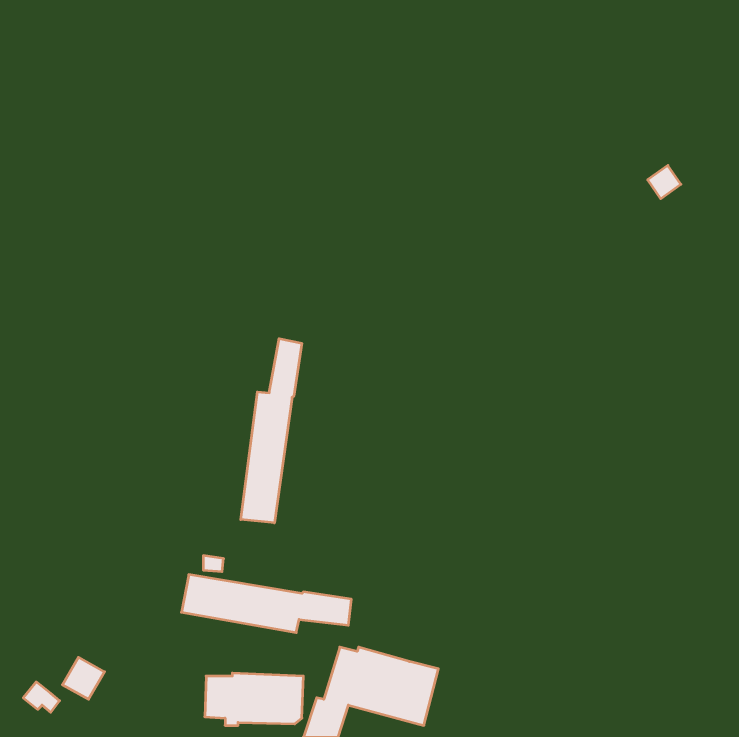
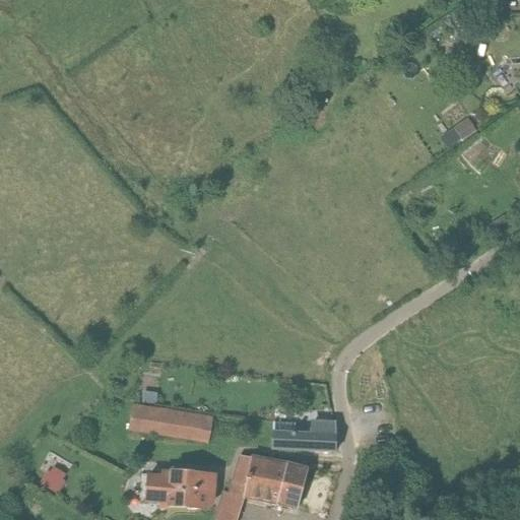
building: [241,339,302,523] -> none
building: none -> [272,418,337,450]

